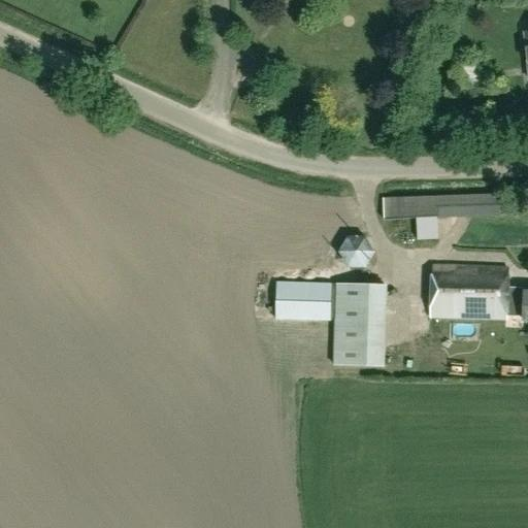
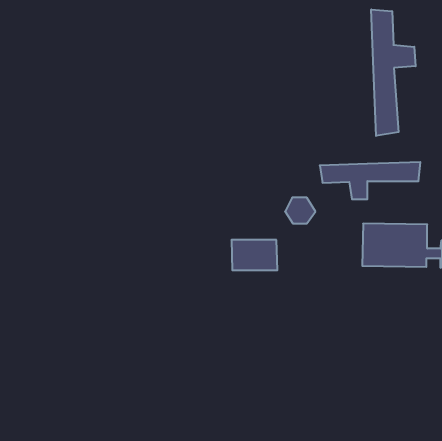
building: none -> [371,9,416,136]
building: [335,269,385,353] -> none

